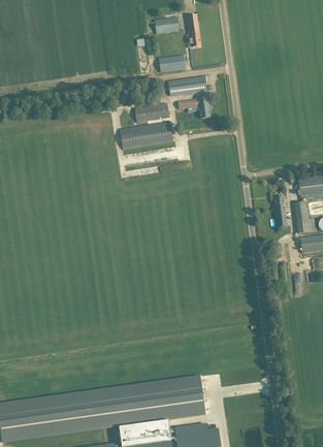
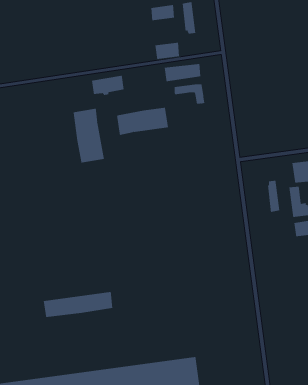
building: [134,102,168,123] -> [91,75,124,96]
building: none -> [73,108,105,164]
building: none -> [43,291,113,318]

